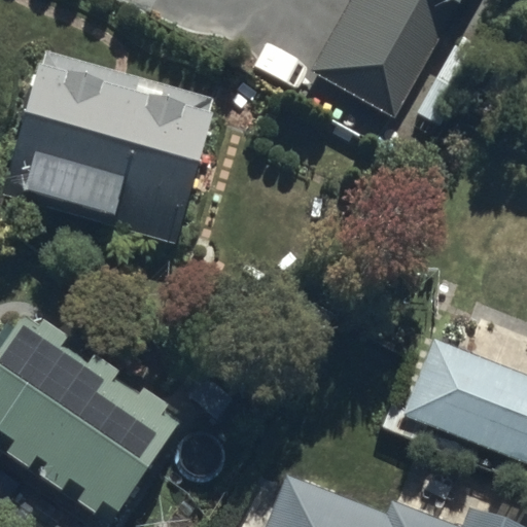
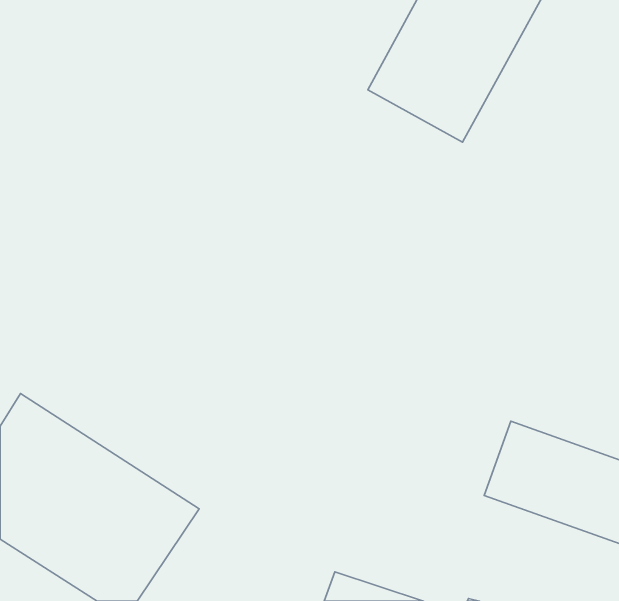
building: [19,60,206,221] -> none

